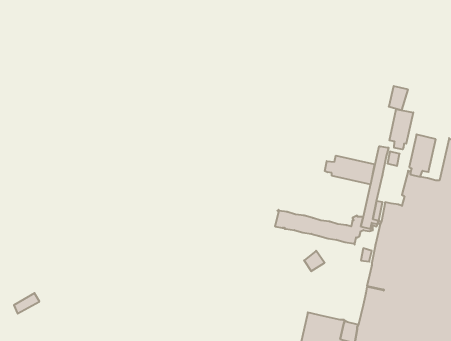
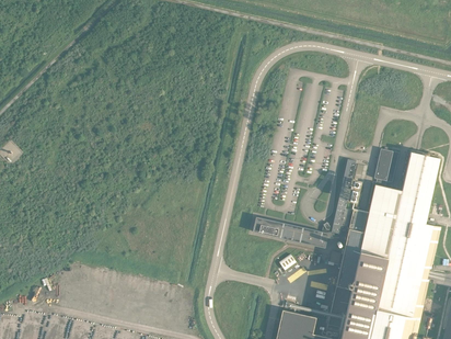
building: [389,109,413,149] -> none
building: [325,156,374,184] -> none

